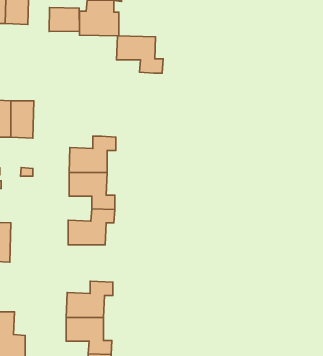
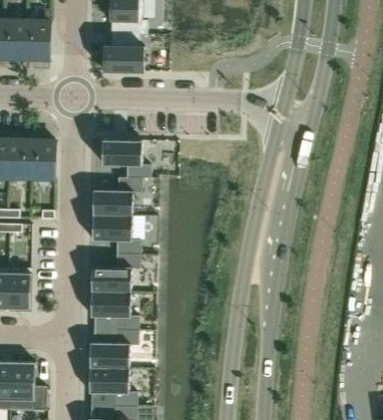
building: [49,7,80,32] -> none
building: [117,36,163,73] -> [102,139,151,178]
building: none -> [90,292,138,331]

